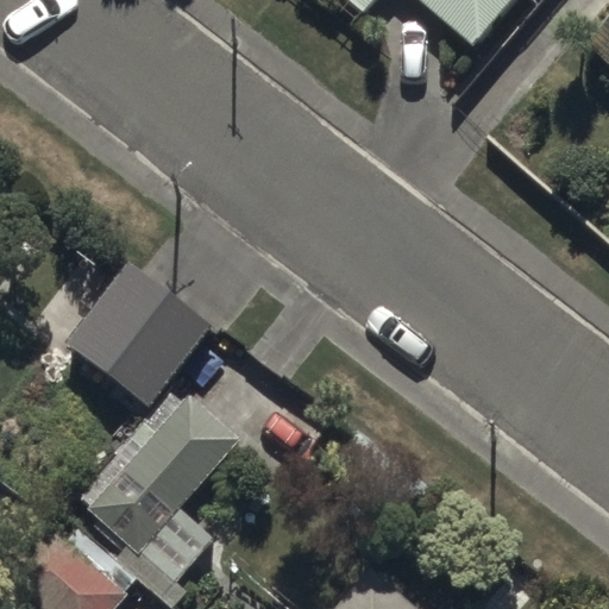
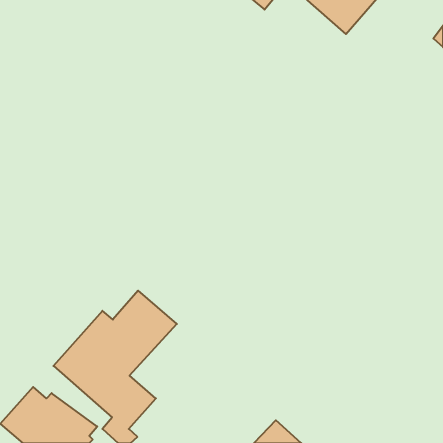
building: [63,258,216,410] -> none

